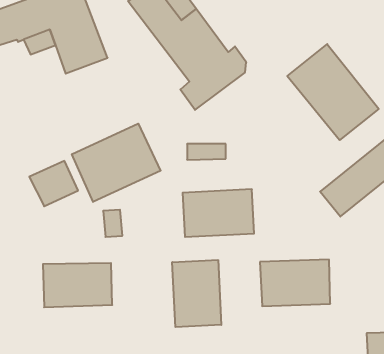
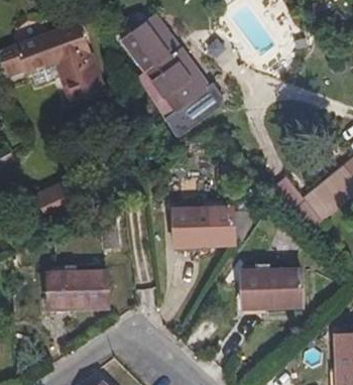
building: [287,44,379,140] -> none
building: [72,124,161,202] -> none
building: [172,260,221,327] -> none

